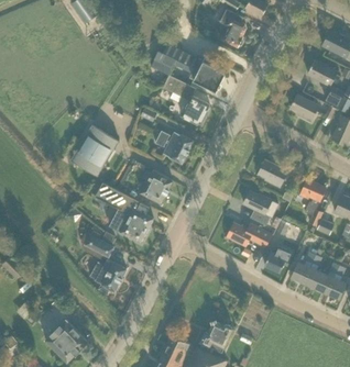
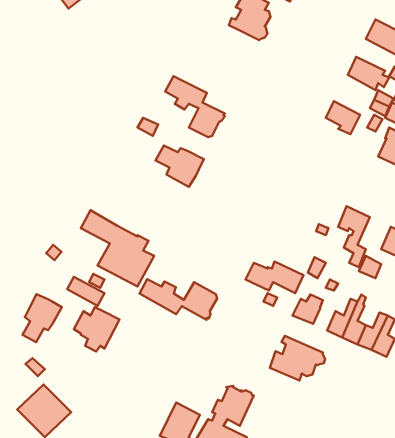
building: [150,44,223,92] -> none
building: [70,125,118,177] -> none
building: [256,160,286,188] -> none
building: [140,170,172,204] -> none
building: [242,191,278,226] -> none
building: none -> [139,279,217,320]
building: none -> [22,294,62,342]
building: none -> [270,336,325,381]

